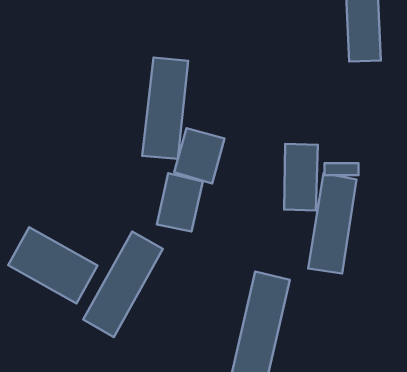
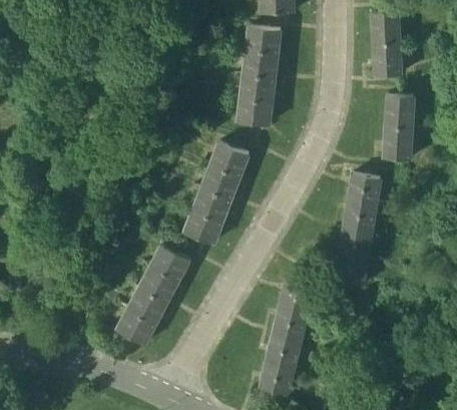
building: [142,58,188,159] -> [236,24,281,123]
building: [284,144,318,210] -> [383,93,416,158]
building: [8,227,98,303] -> none

